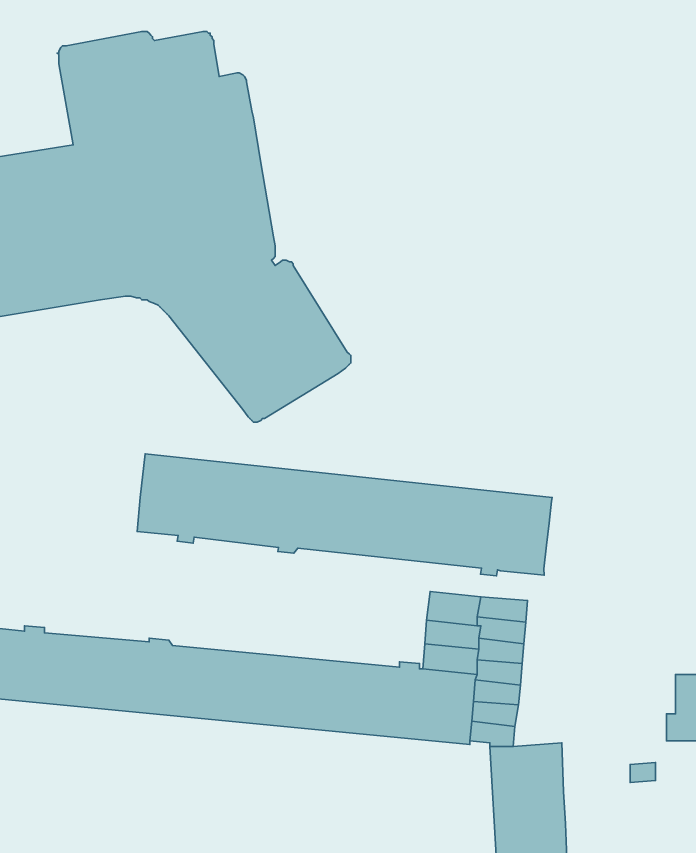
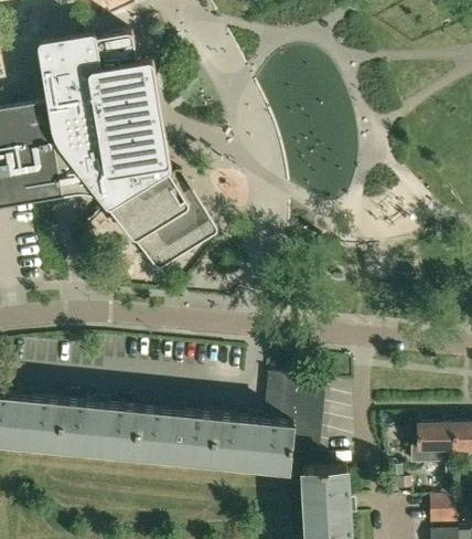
building: [137,454,552,576] -> none

